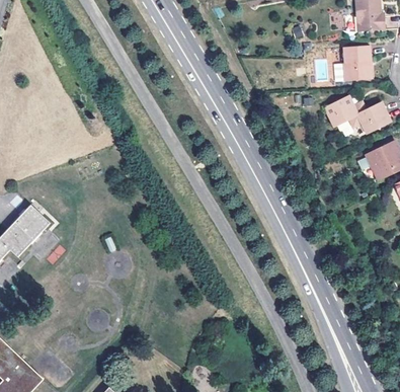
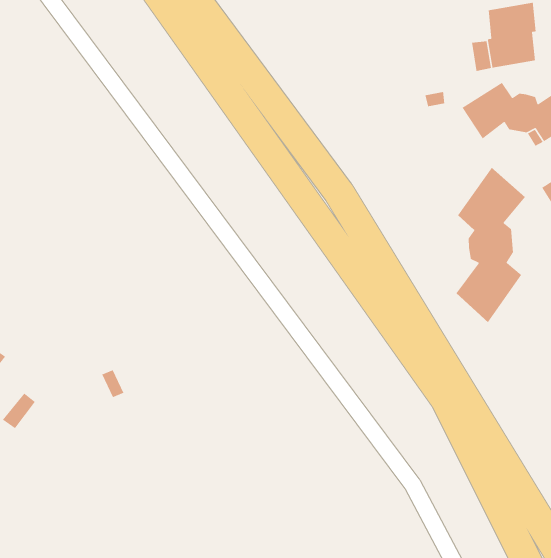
building: none -> [455,167,526,323]

